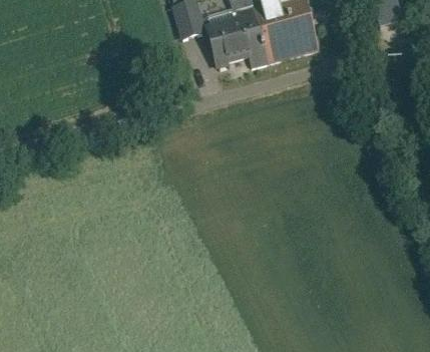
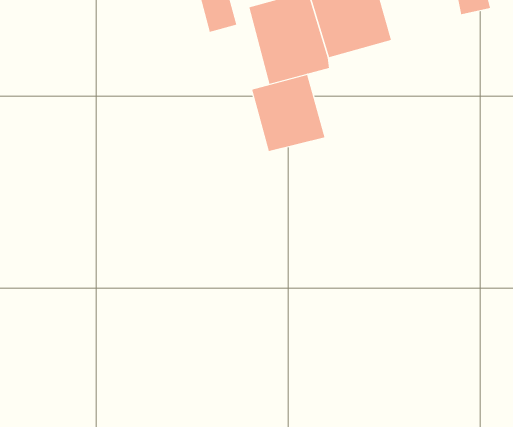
building: none -> [252,74,325,152]

